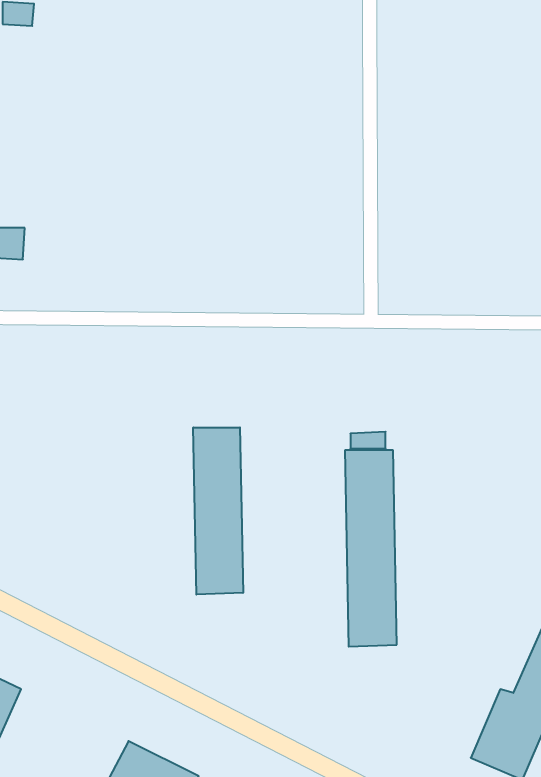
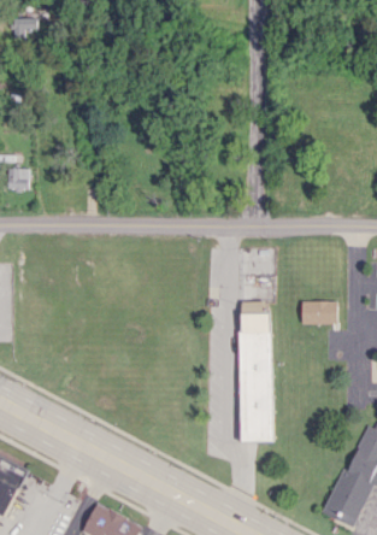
building: [193,427,243,595] -> none
building: none -> [300,301,336,324]

